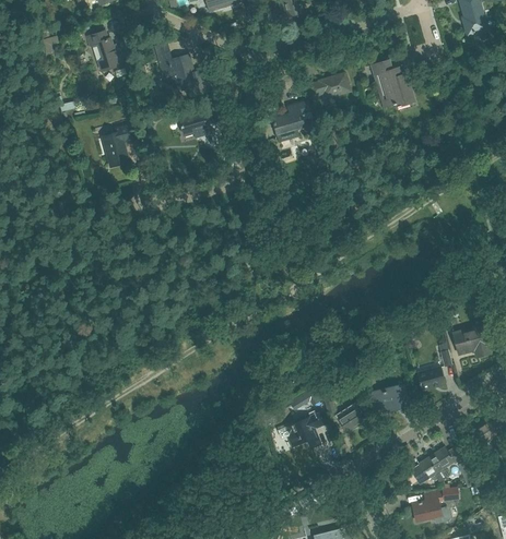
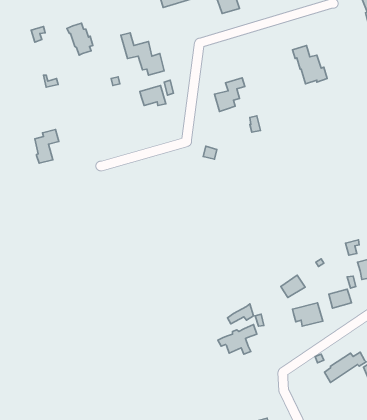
building: [308,72,352,98] -> none
building: [106,123,137,166] -> [35,129,59,163]
building: [338,404,368,432] -> [281,275,305,298]
building: [413,486,460,524] -> none

